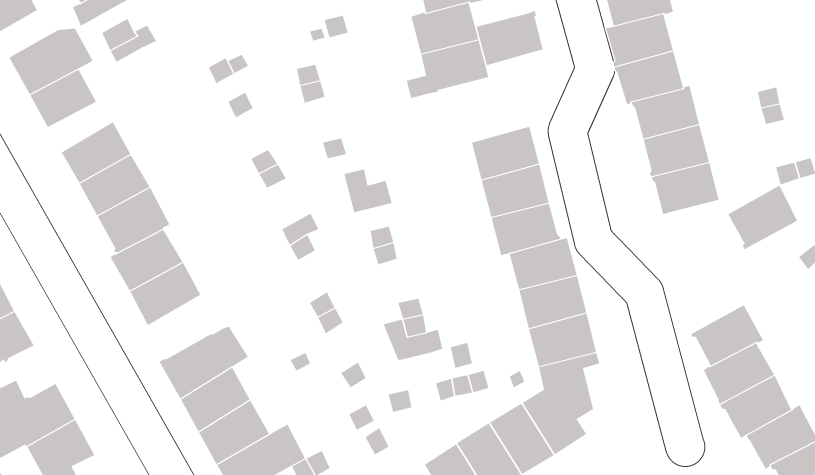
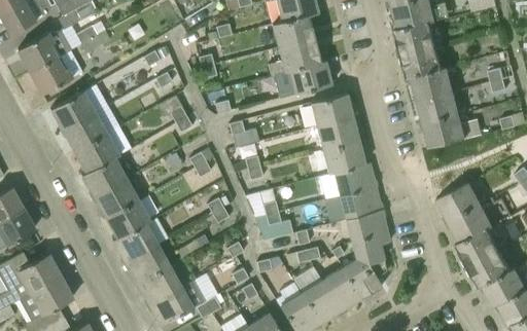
building: [476,10,543,66] -> [288,61,330,96]
building: [728,185,798,250] -> [436,183,481,224]
building: none -> [105,199,151,240]

